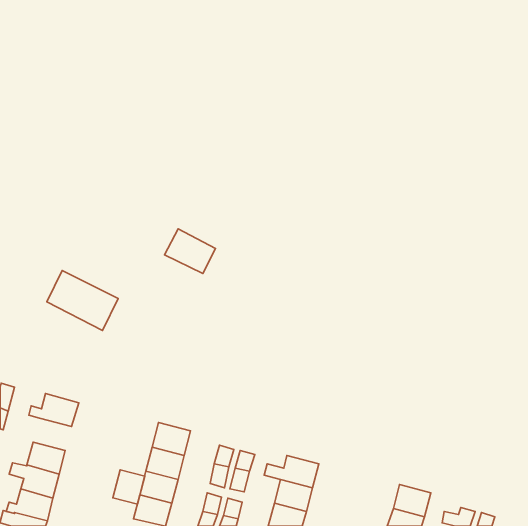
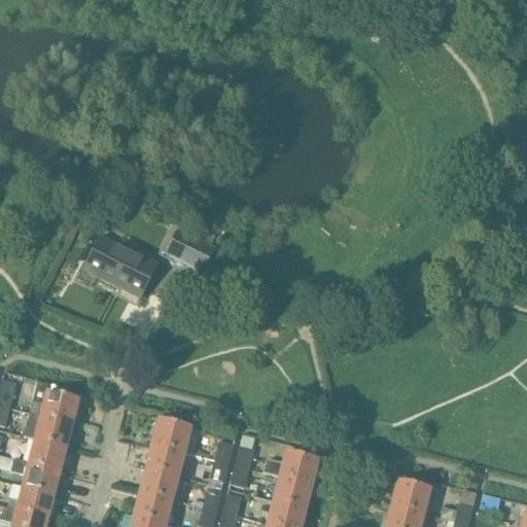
building: [47,271,118,331] -> [84,239,155,298]
building: none -> [24,413,72,448]
building: [113,470,145,504] -> none

